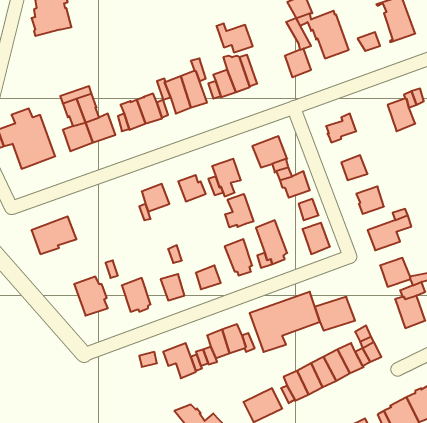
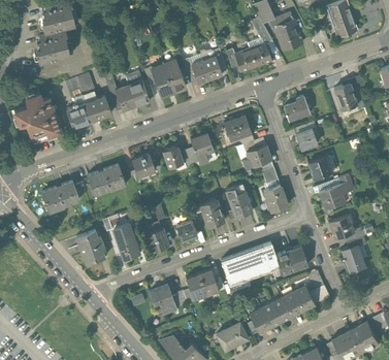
building: [216,24,253,52] -> [226,47,256,71]
building: none -> [37,27,69,63]
building: [225,194,254,227] -> none
building: none -> [88,165,124,194]

